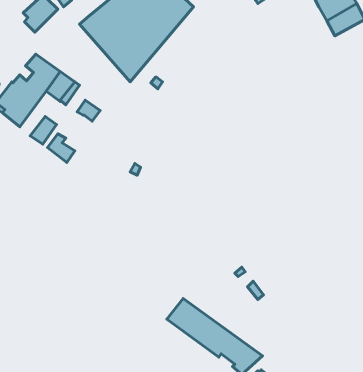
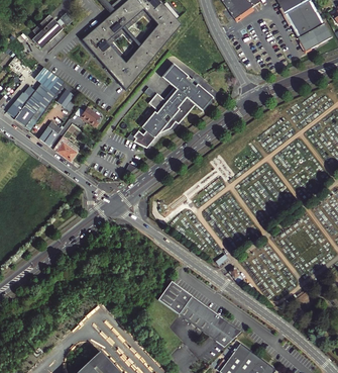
building: none -> [133,63,213,148]

